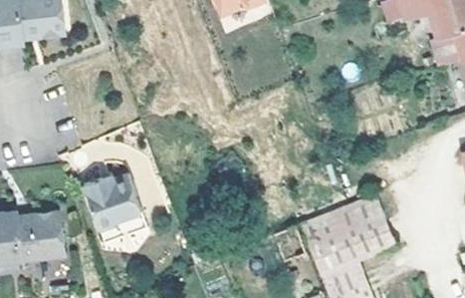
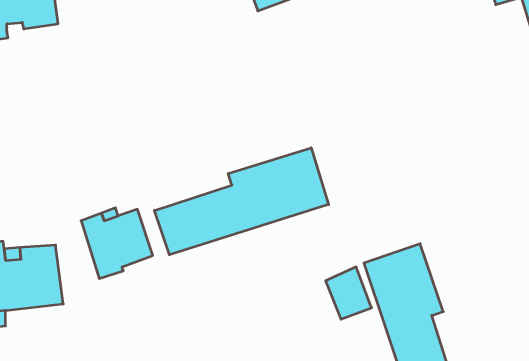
building: none -> [154,148,329,255]
building: [347,197,394,259] -> none

